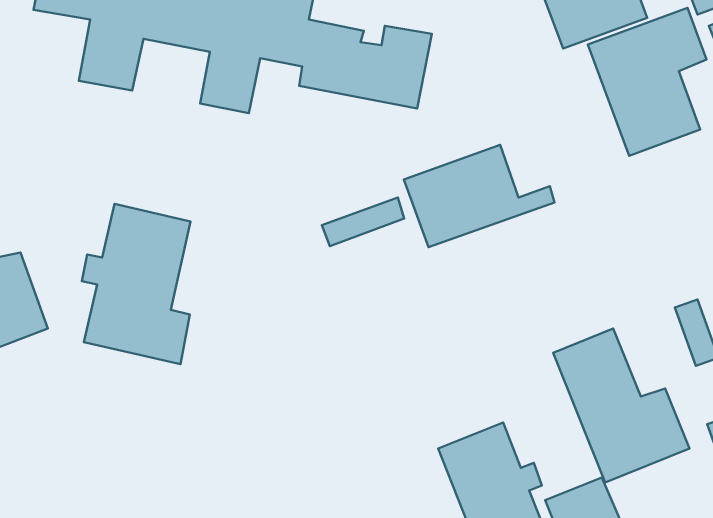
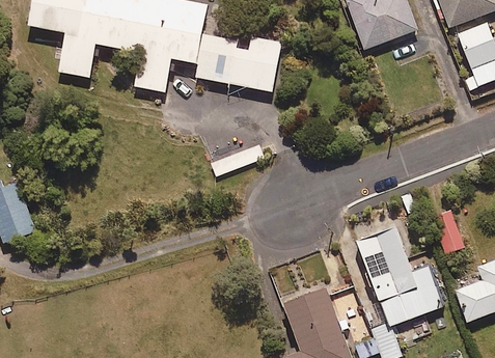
building: [588,8,707,156] -> none
building: [404,145,555,247] -> none
building: [82,204,191,364] -> none

